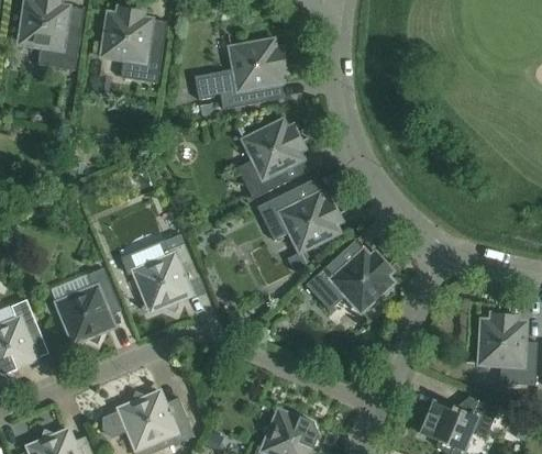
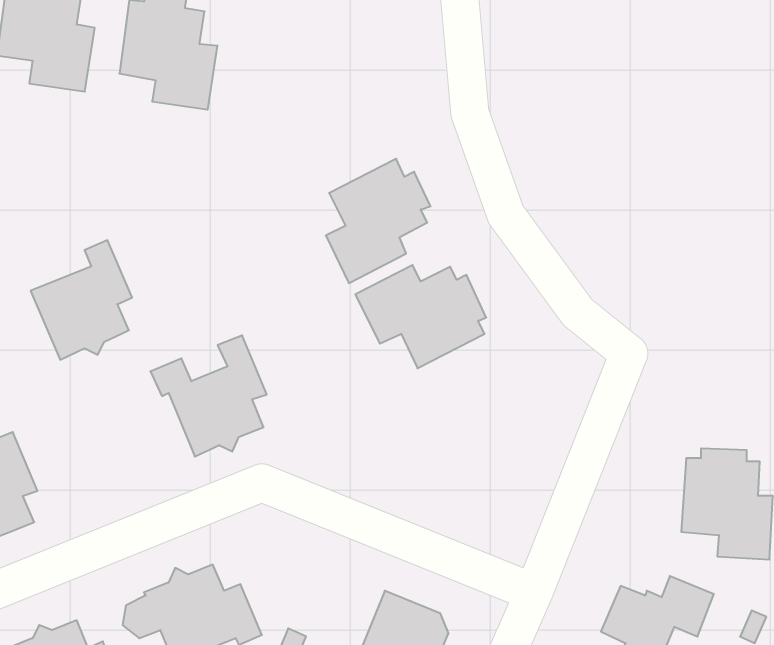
building: [192,36,289,109] -> none
building: [305,245,397,324] -> none
building: [52,267,120,347] -> [31,240,132,360]

